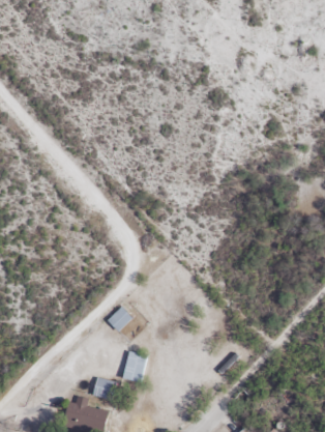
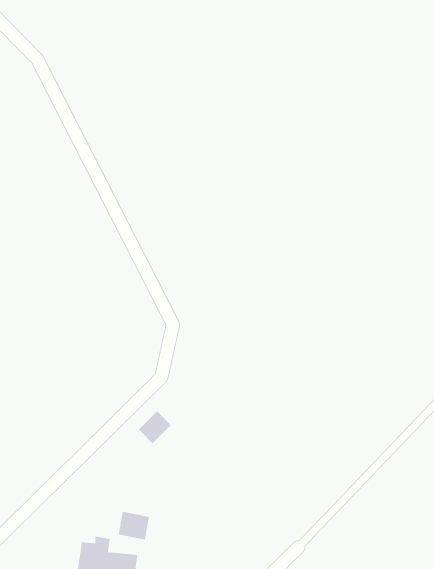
building: [121,350,148,383] -> none

